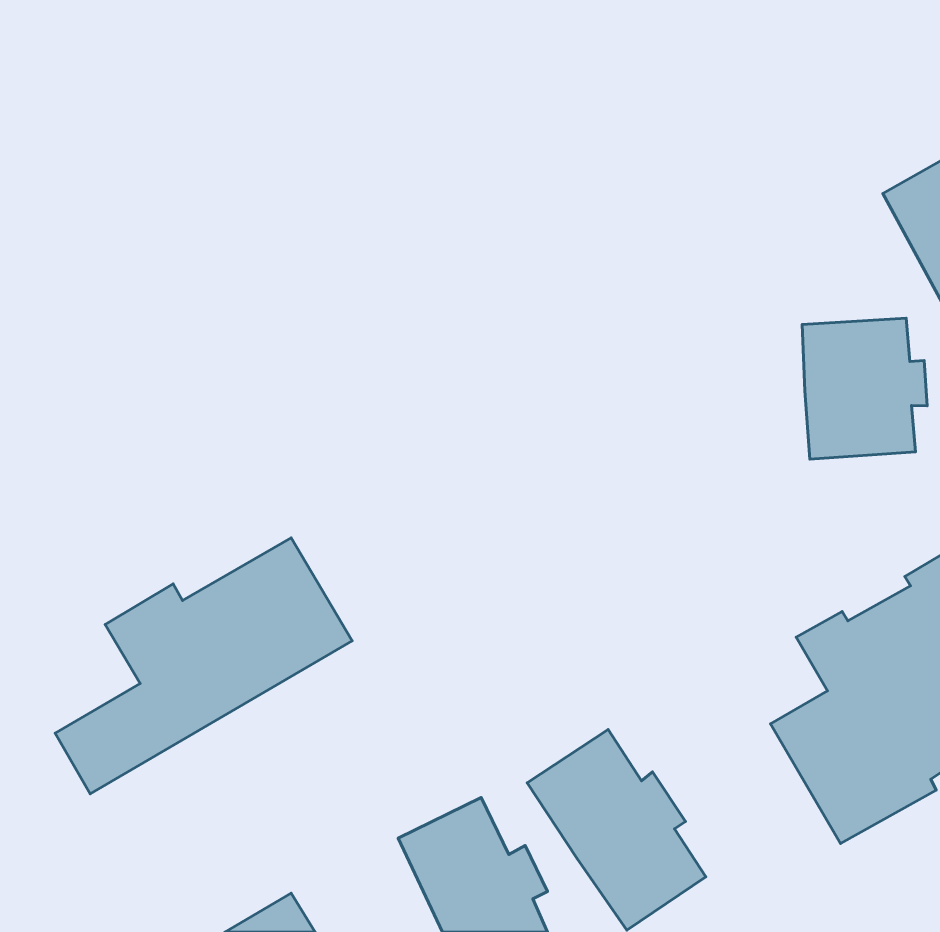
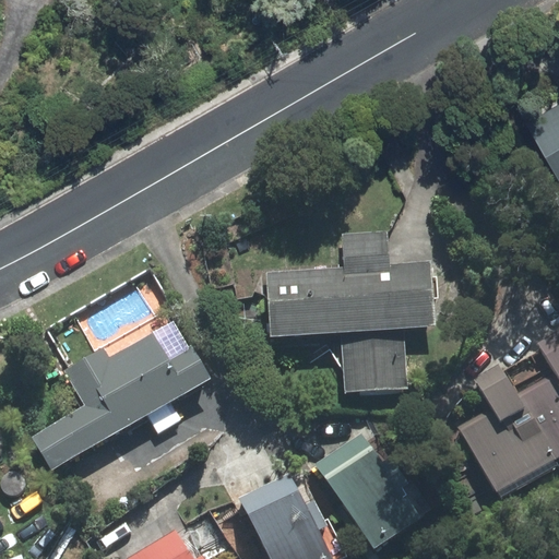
building: [802,318,927,459] -> none
building: none -> [265,229,435,393]

